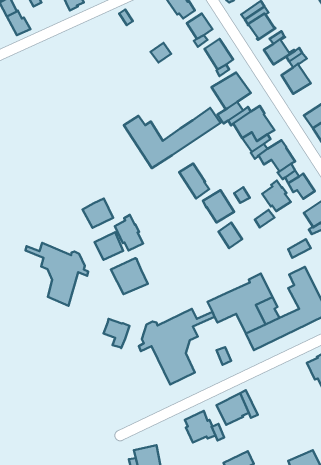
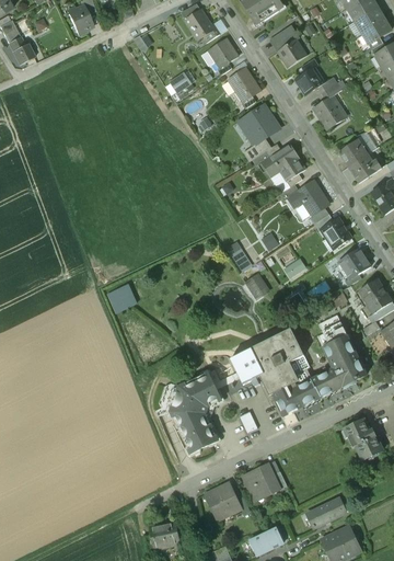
building: [124,108,220,168] -> none
building: [179,163,209,199] -> none
building: [262,180,291,211] -> none
building: [82,199,113,228] -> none
building: [115,215,143,250] -> none
building: [26,243,88,306] -> none
building: [111,258,148,294] -> none
building: [104,319,130,348] -> none
building: none -> [308,497,346,527]

